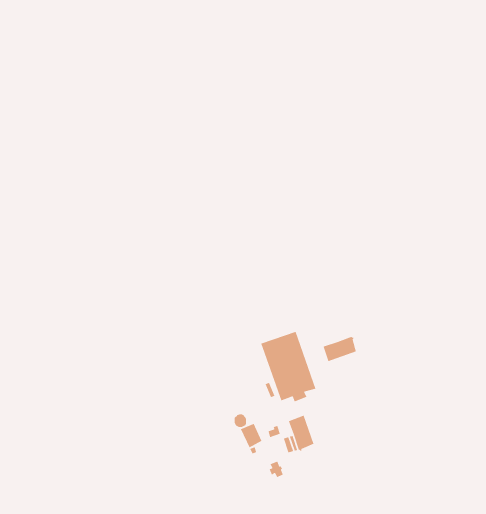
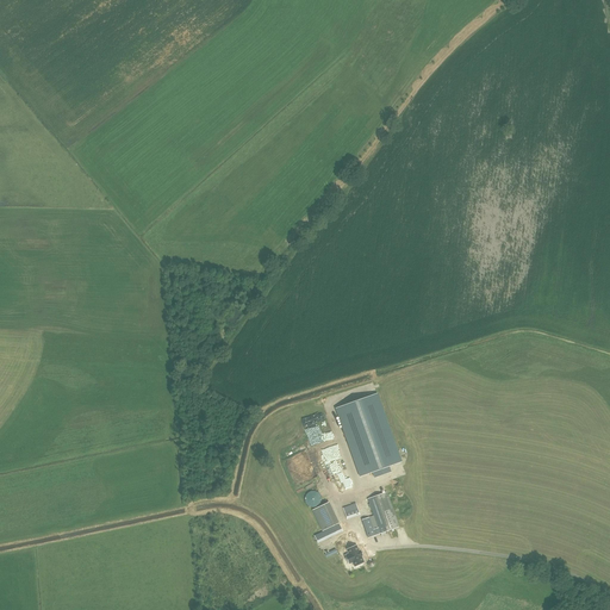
building: [323,336,357,362] -> none

